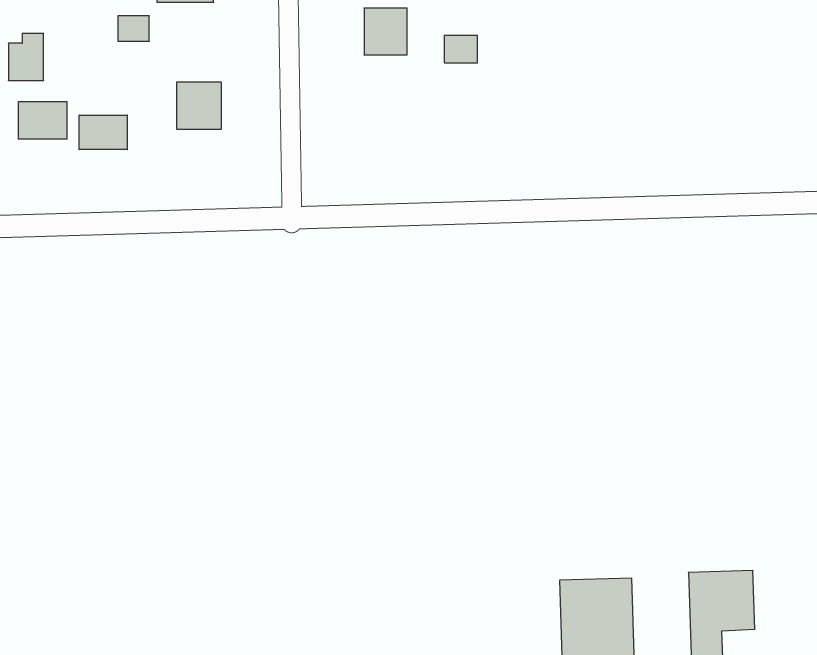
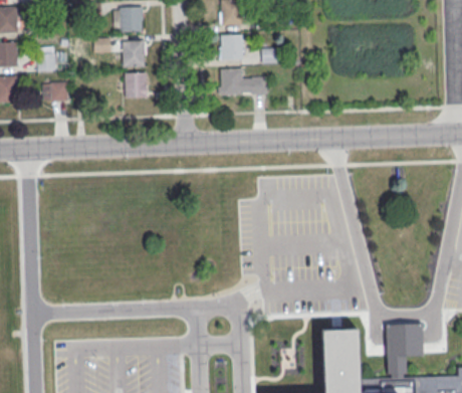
building: none -> [123,40,146,66]
building: none -> [220,68,267,93]
building: [79,115,127,150] -> none

